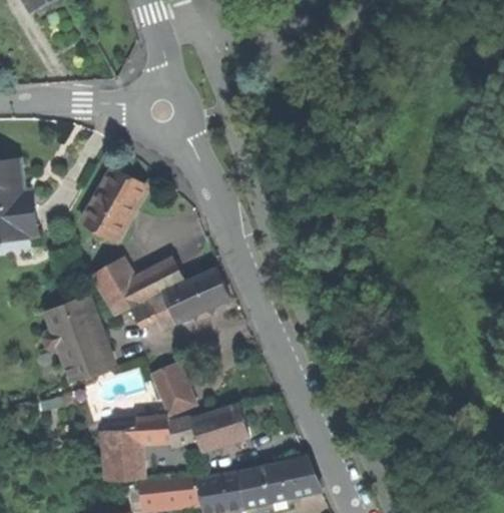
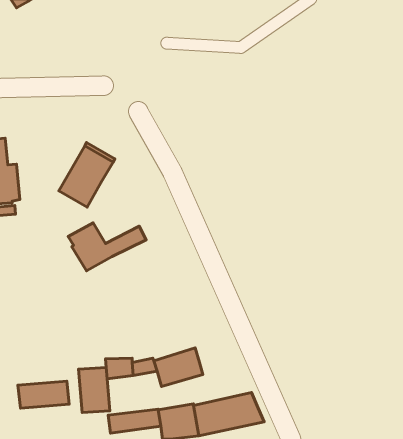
building: [132,270,230,329] -> none
building: [44,295,112,381] -> none
building: [151,363,196,416] -> none
building: none -> [18,381,69,408]

